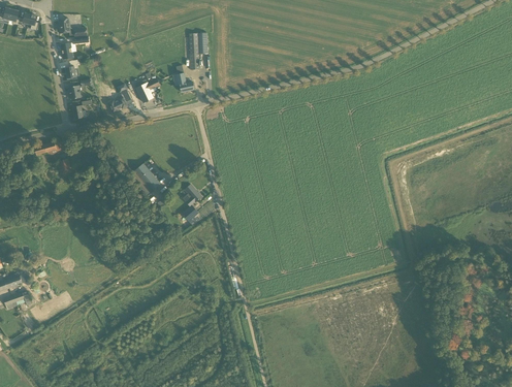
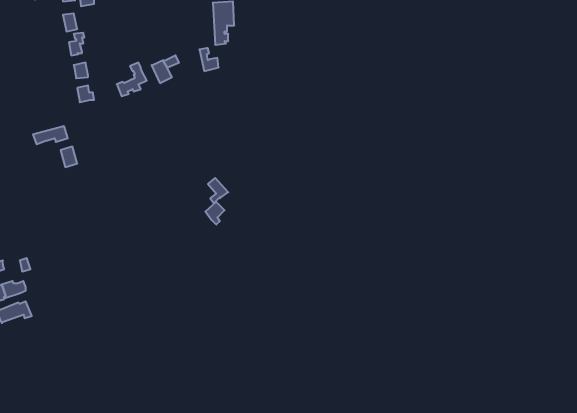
building: [125,162,159,194] -> none

